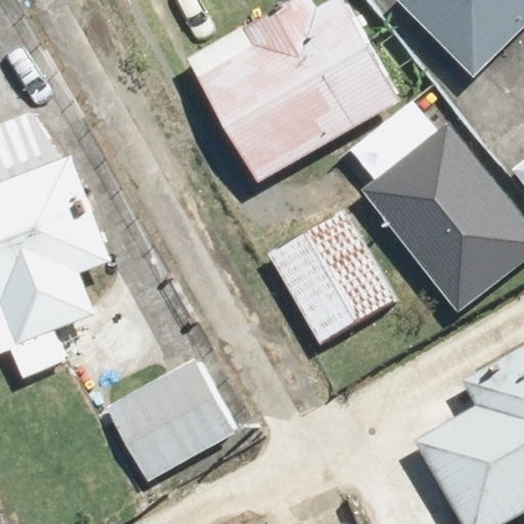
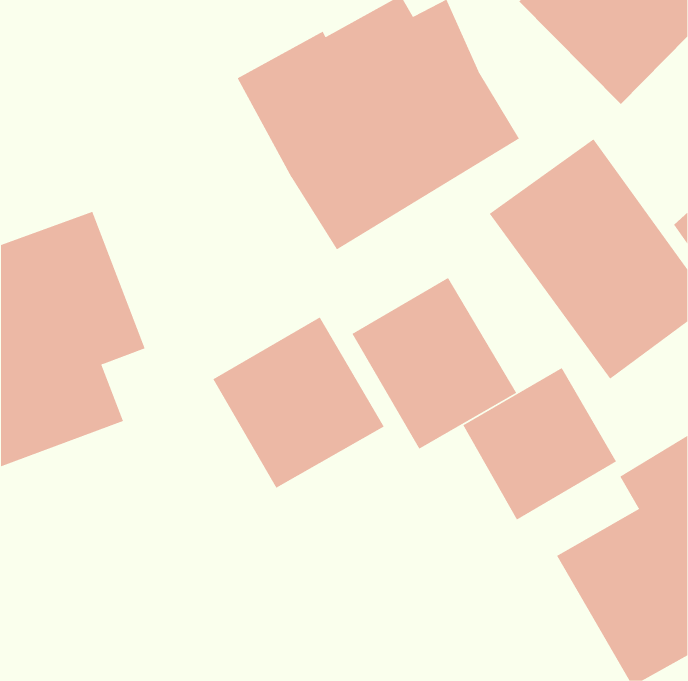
building: none -> [213,317,384,488]
building: none -> [462,367,617,521]
building: [108,362,234,480] -> none

